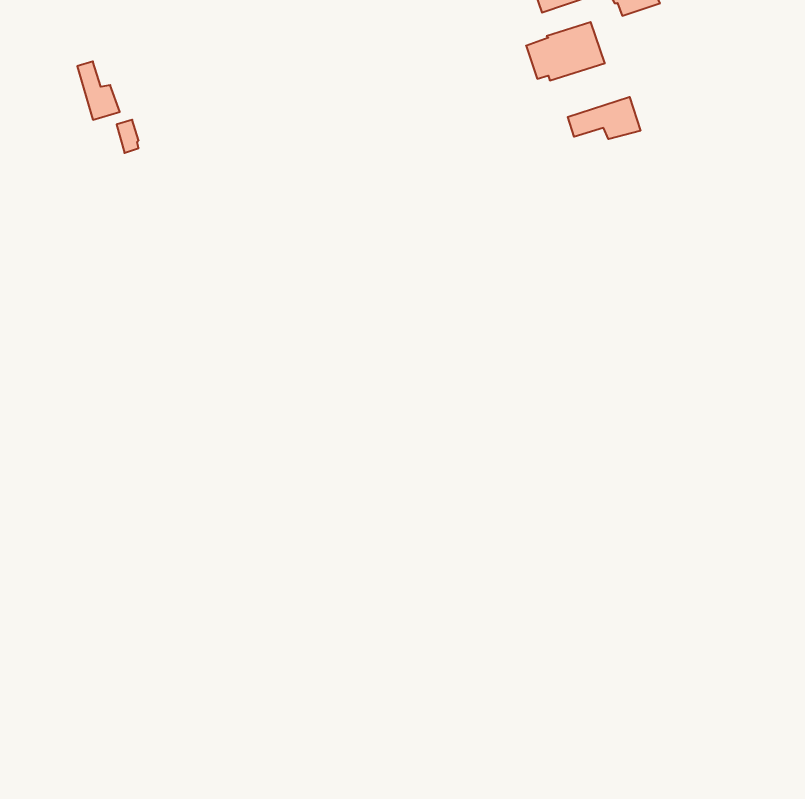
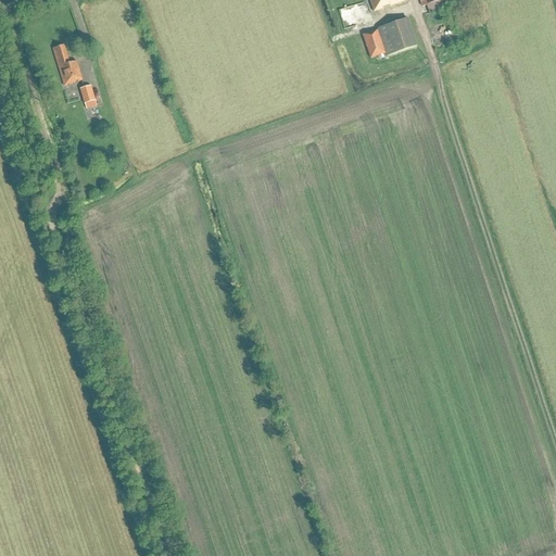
building: [568,97,640,139] -> none

